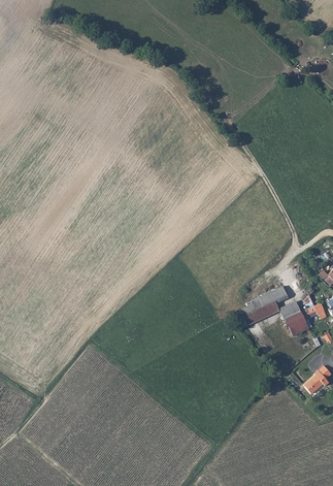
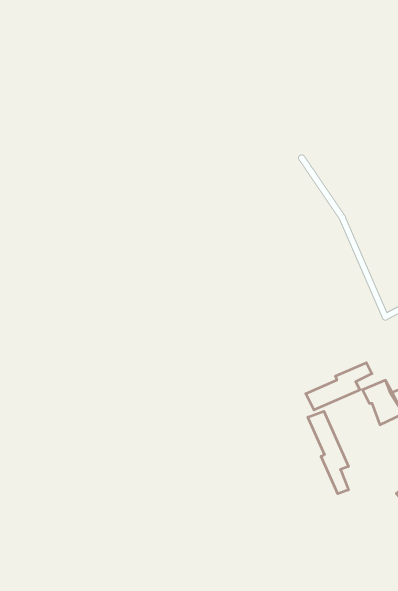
building: none -> [308,411,348,494]

